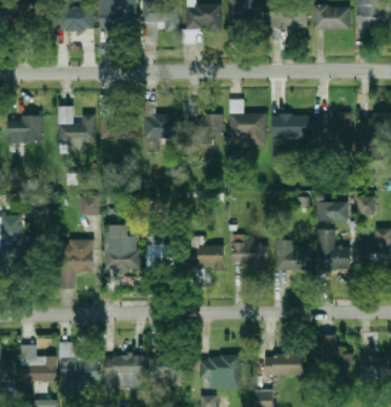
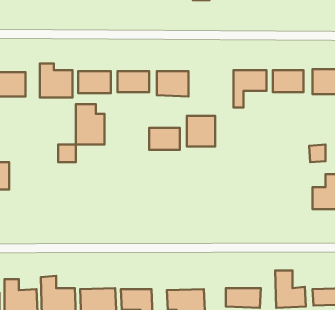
building: [234,114,265,147] -> [187,116,215,146]
building: [315,203,346,221] -> none
building: [105,226,137,271] -> [76,104,104,145]
building: [317,231,350,269] -> none
building: [146,236,177,269] -> none
building: [59,242,93,273] -> none
building: [190,245,224,269] -> [149,128,180,150]
building: [232,245,268,266] -> none
building: [276,246,309,269] -> none

